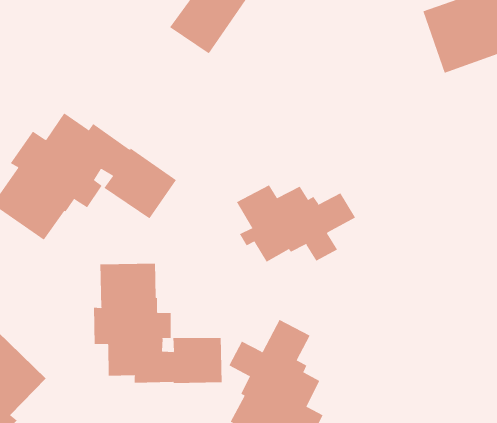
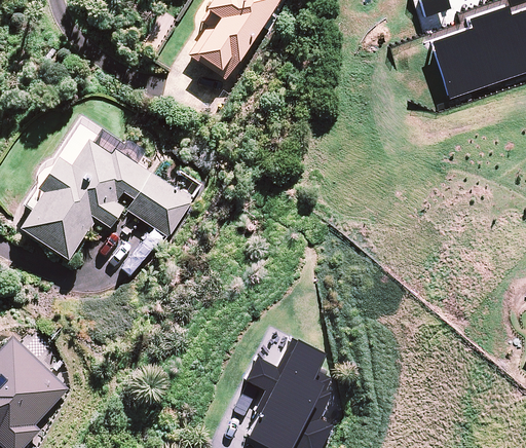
building: [236,184,356,262] -> none
building: [93,263,222,384] -> none

